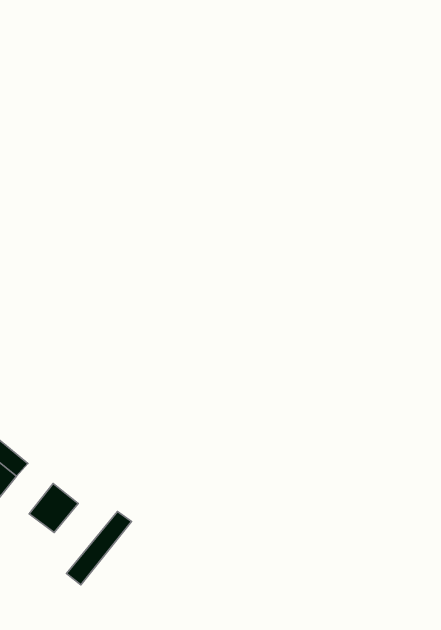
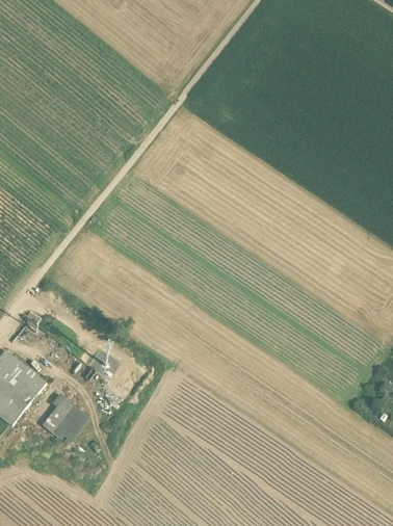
building: [67,512,131,585] -> none

